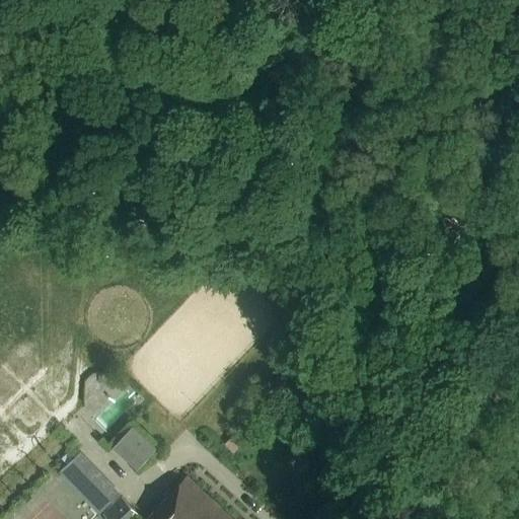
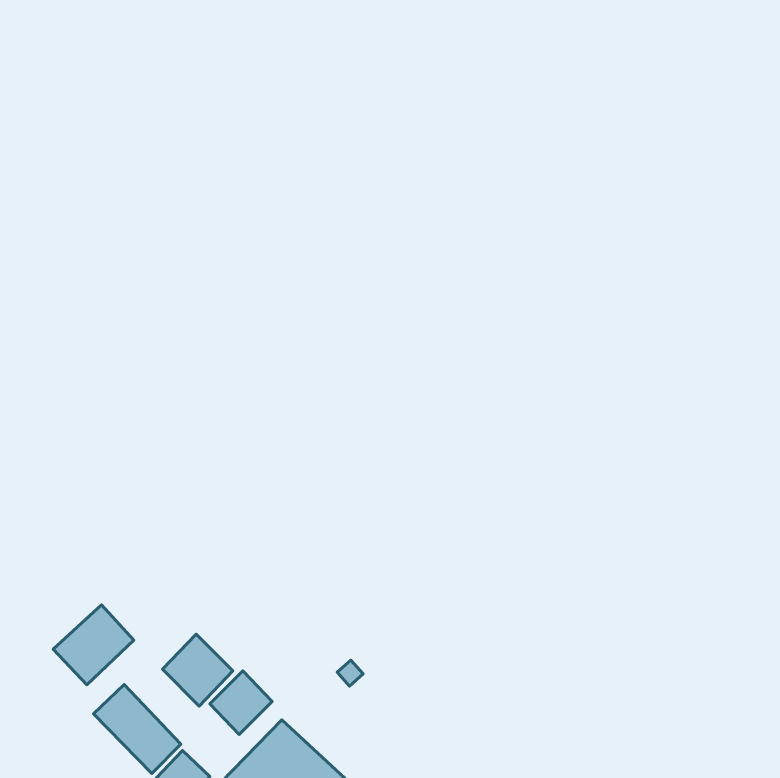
building: none -> [53,605,134,685]
building: none -> [210,671,272,735]

